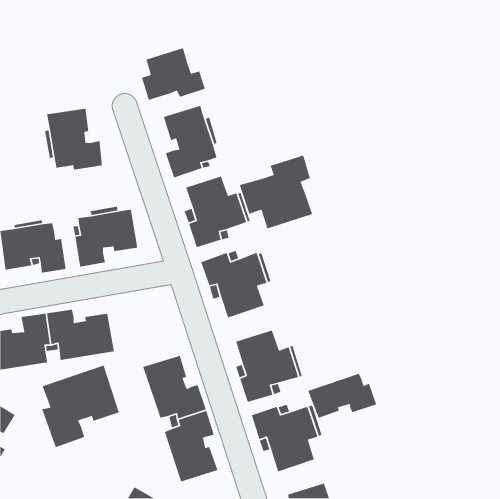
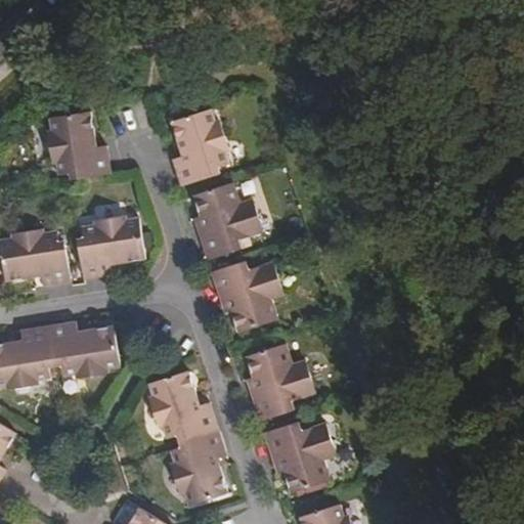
building: [141,47,206,101] -> none
building: [239,155,313,230] -> none
building: [41,365,120,448] -> none
building: [307,373,377,419] -> none

